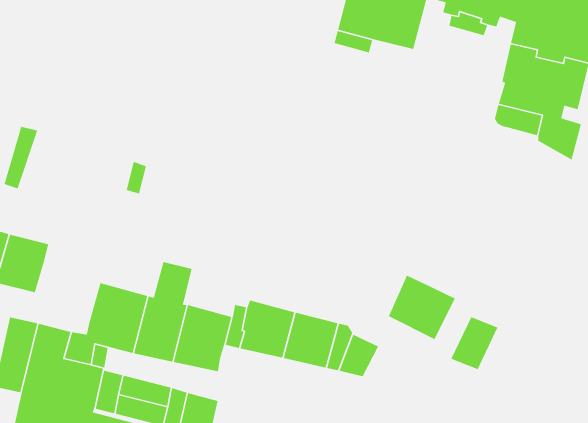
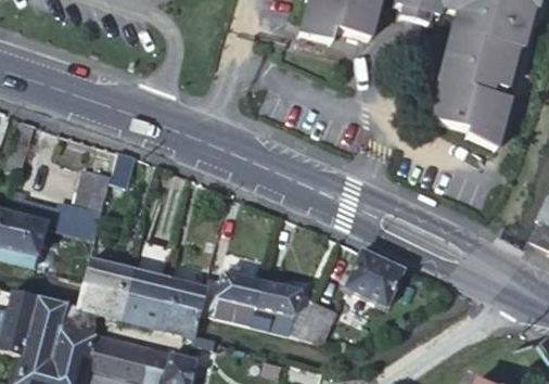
building: none -> [53,169,110,238]
building: [450,316,498,370] -> none

